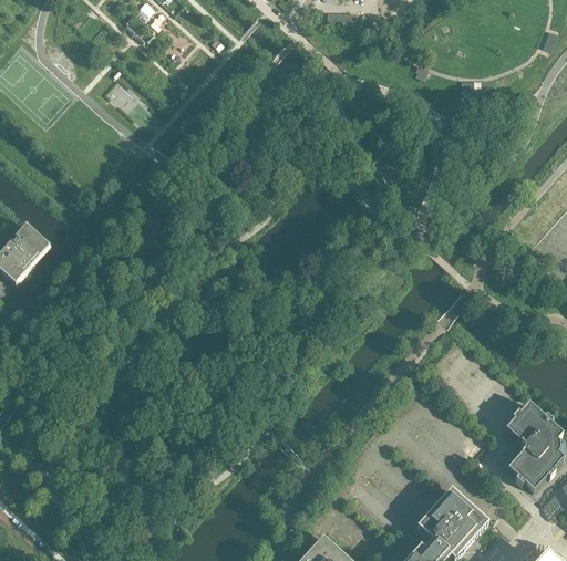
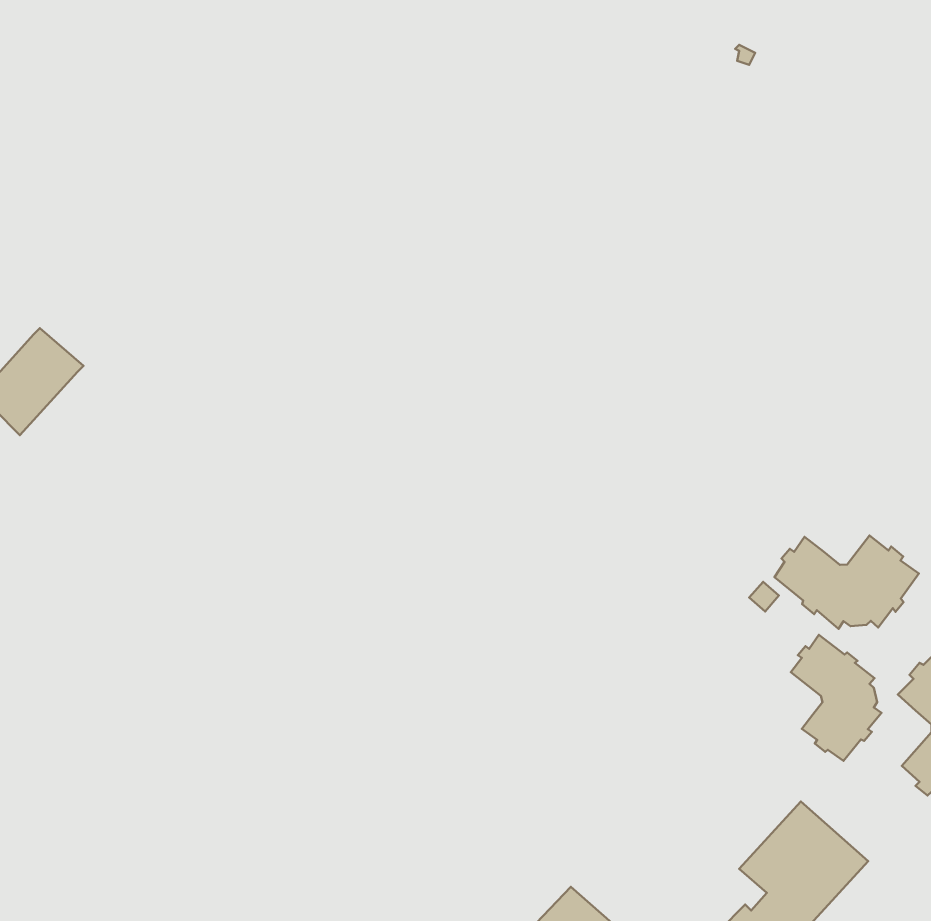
building: none -> [774,535,919,629]
building: none -> [791,635,882,761]

